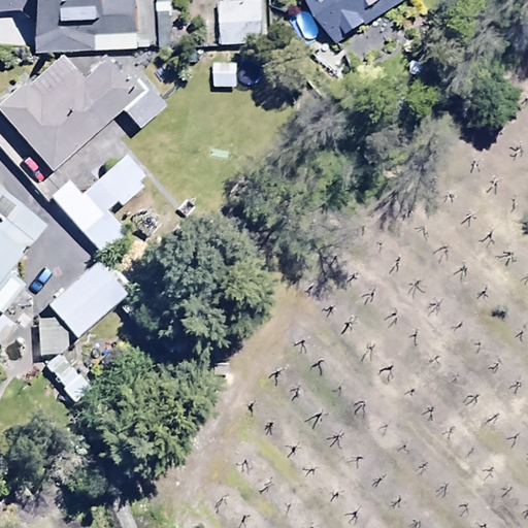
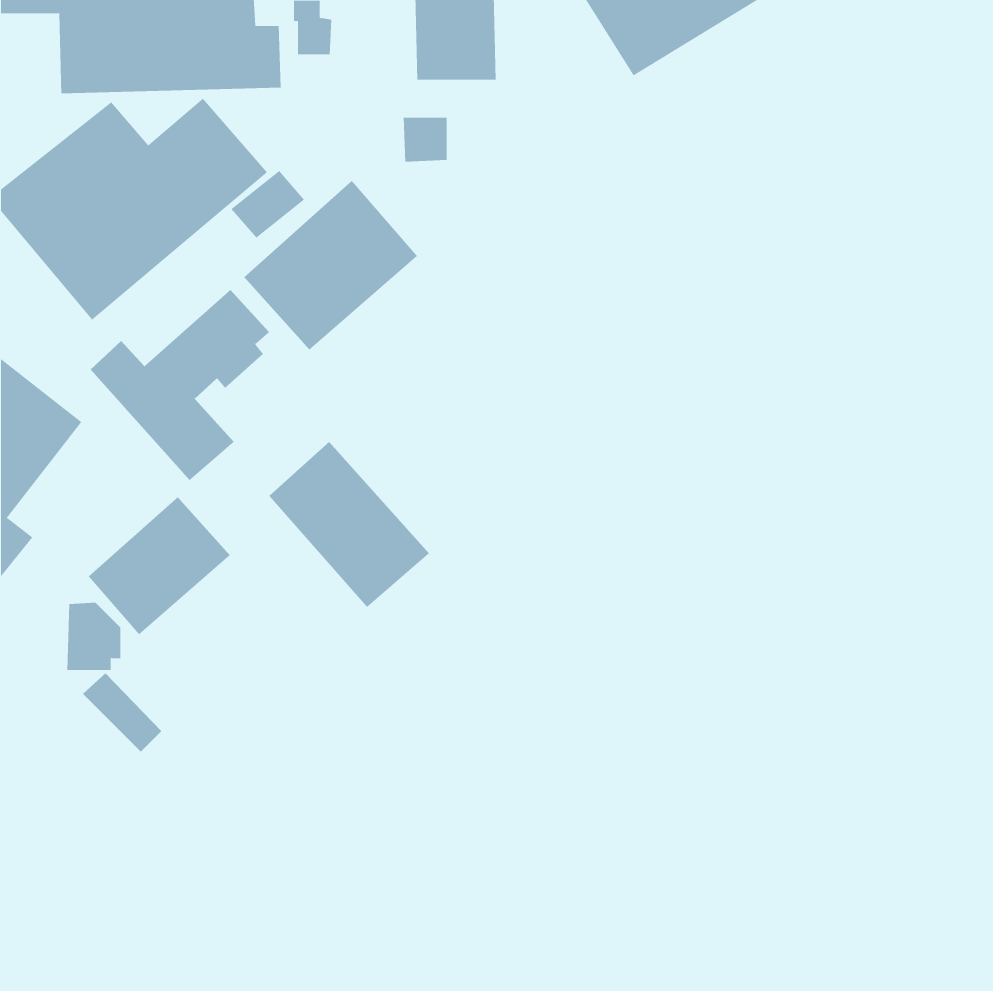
building: none -> [243,180,418,351]
building: none -> [269,441,430,608]

